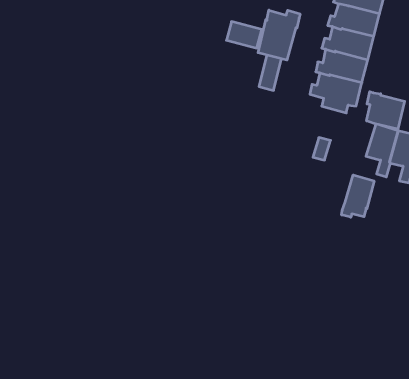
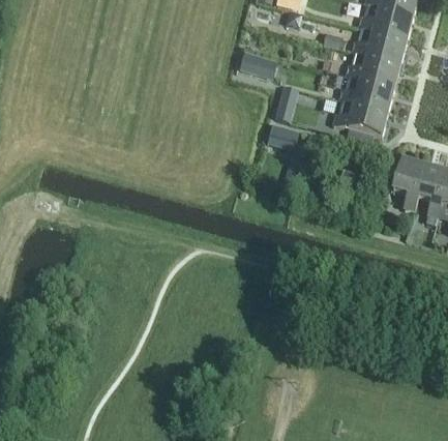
building: [258,10,300,60] -> none
building: [367,92,405,129] -> none
building: none -> [266,127,302,151]
building: [342,175,374,217] -> none

